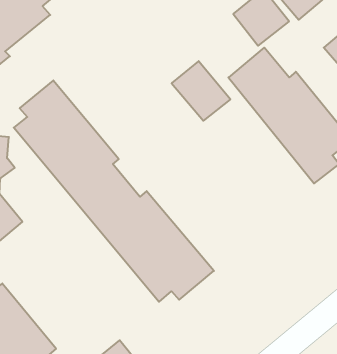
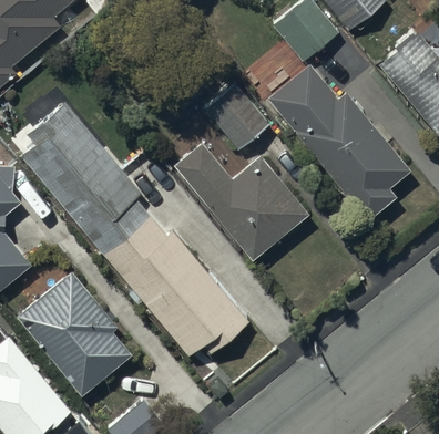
building: none -> [174,142,308,260]
building: none -> [16,270,133,396]

